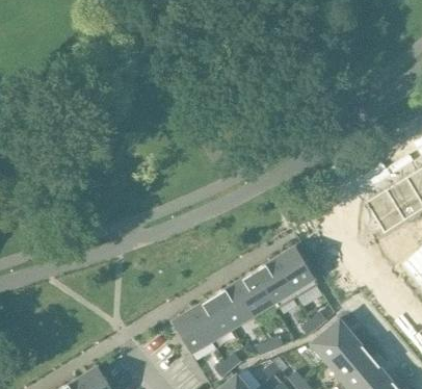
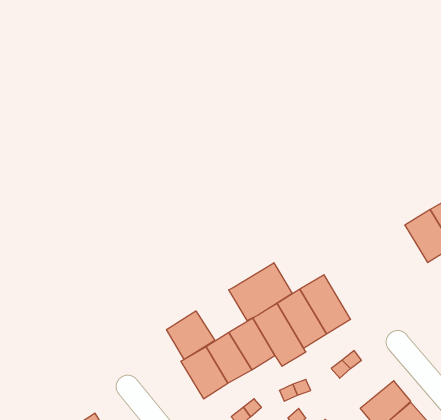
building: none -> [229,263,292,321]
building: none -> [167,311,215,359]
building: [311,319,355,362] -> none

